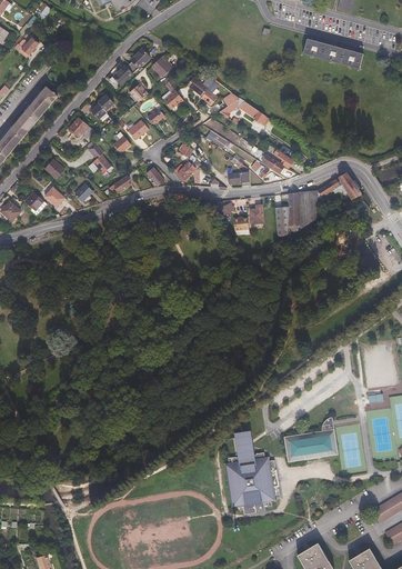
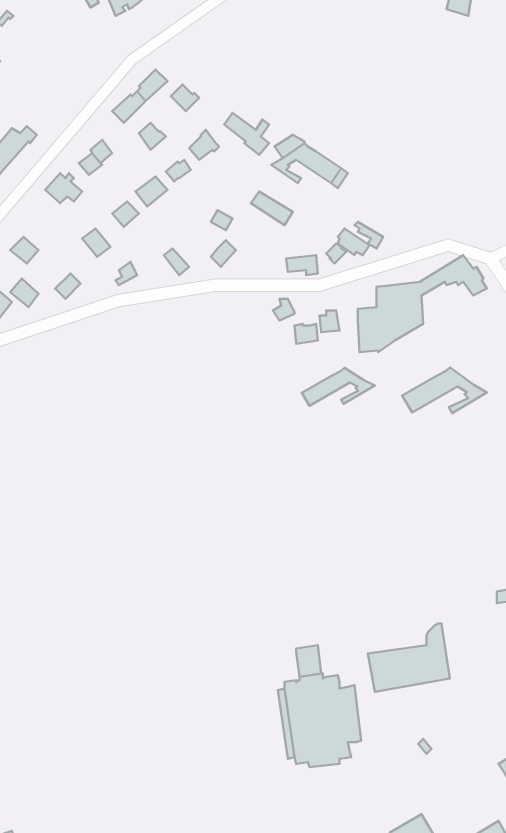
building: [302,38,362,68] -> none
building: none -> [402,367,487,413]
building: none -> [302,368,375,406]

